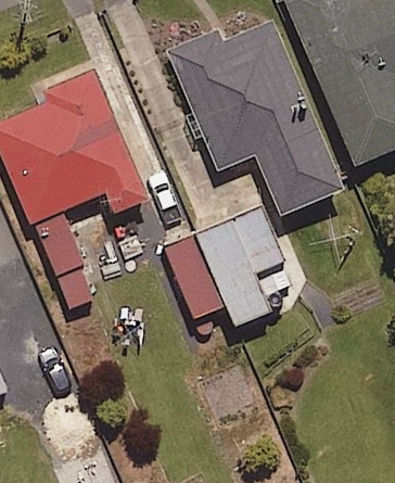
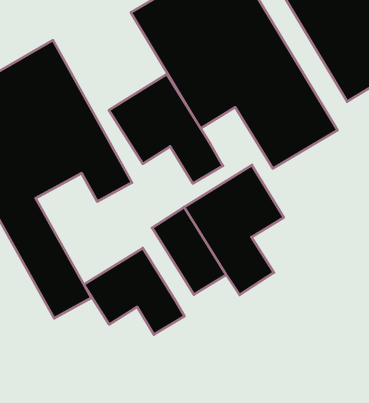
building: none -> [109,74,223,183]
building: none -> [84,248,184,335]

